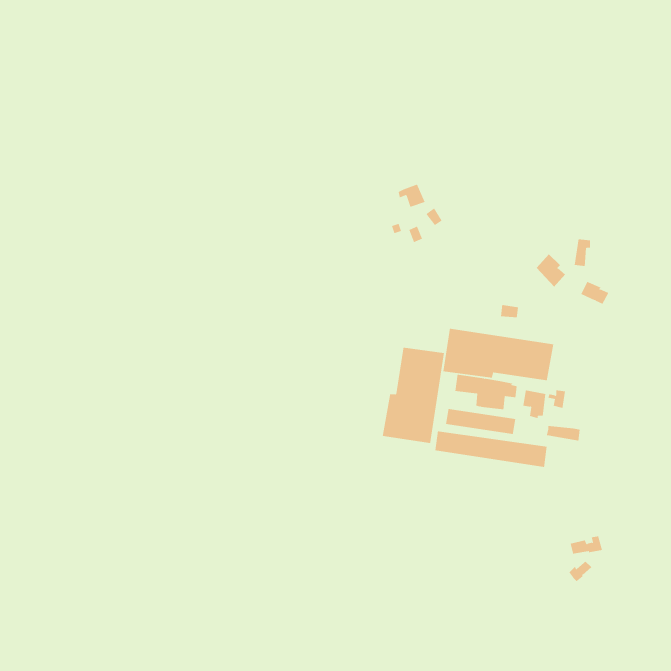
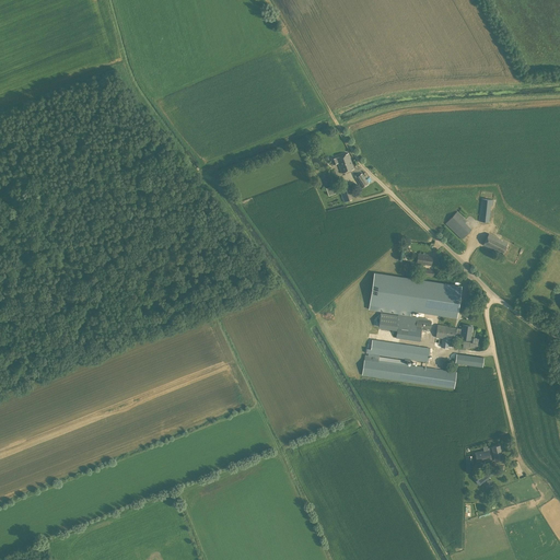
building: [382,347,445,444] -> none

